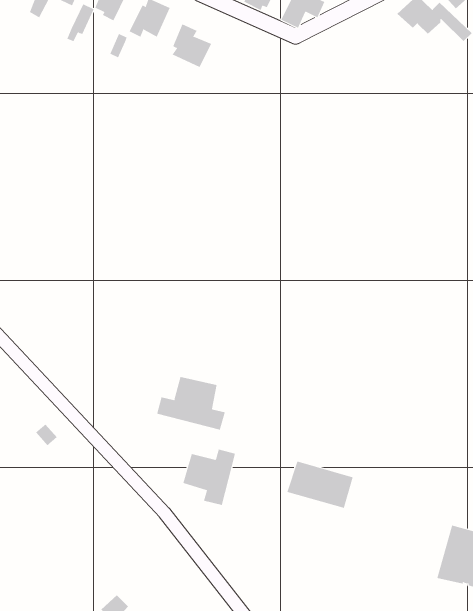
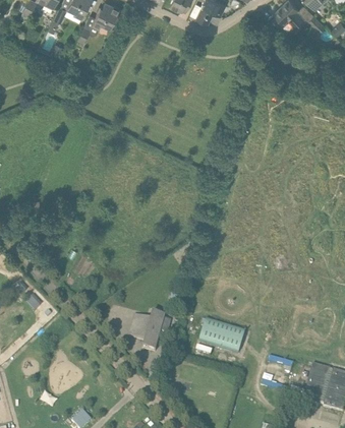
building: [172,24,212,68] -> none
building: [156,376,226,431] -> none

